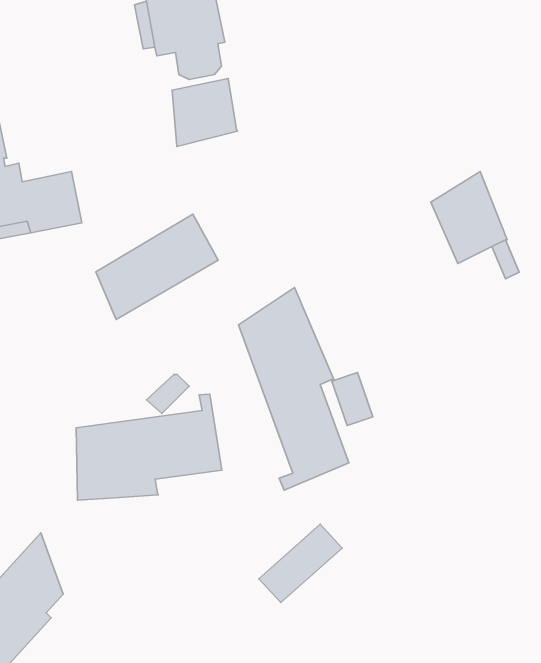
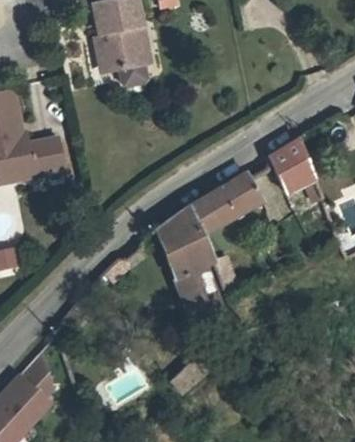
building: [172,79,237,147] -> none
building: [96,214,218,320] -> [190,173,262,235]
building: [76,394,222,500] -> none

